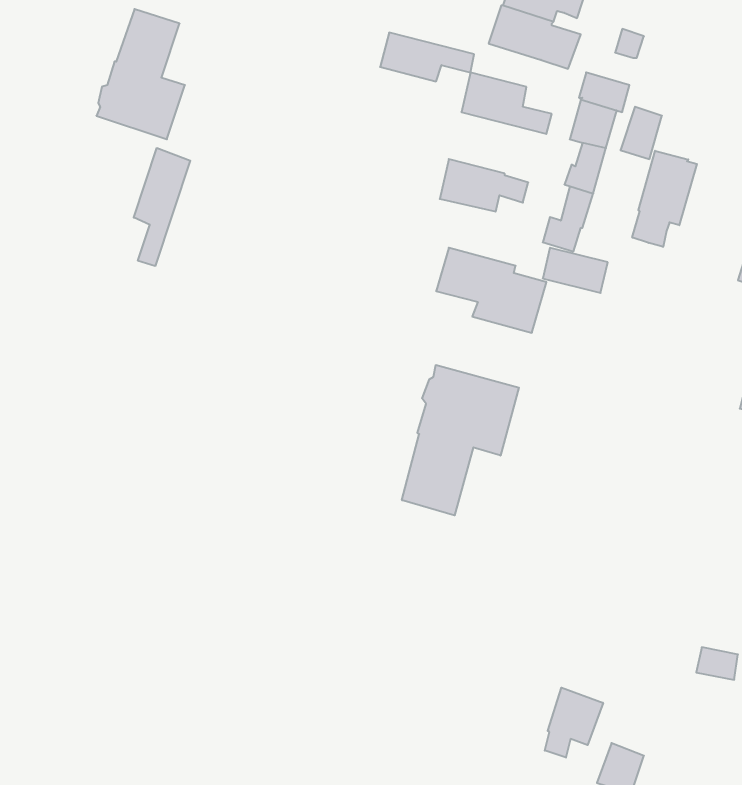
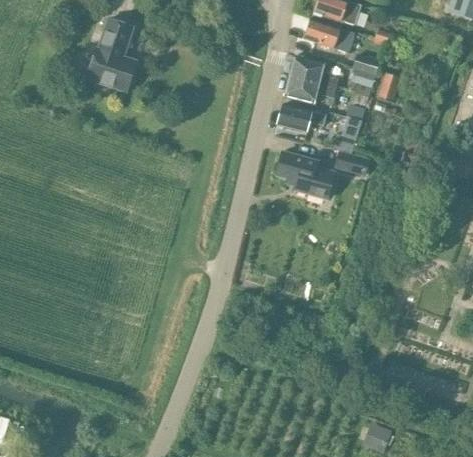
building: [380,33,474,81] -> [284,77,336,104]
building: [134,148,190,266] -> none
building: [632,151,697,247] -> none
building: [402,365,519,515] -> none
building: [545,688,603,758] -> none

